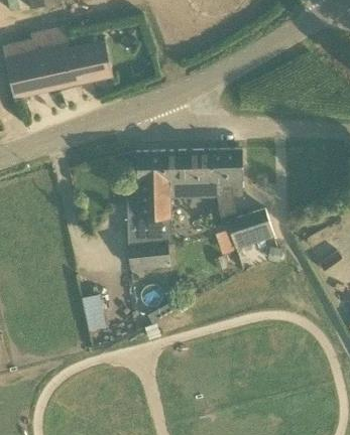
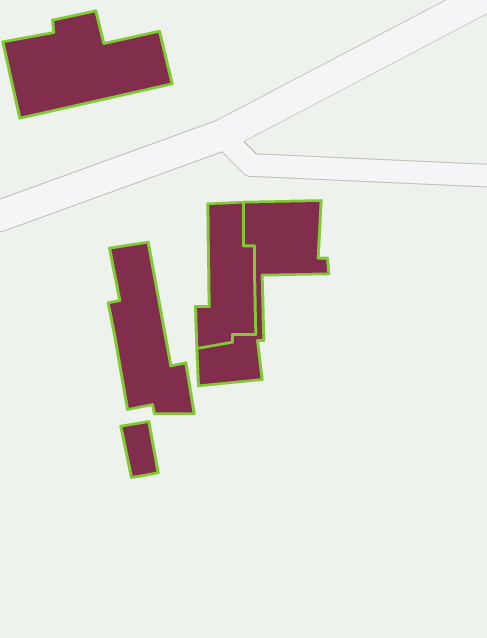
building: [209,150,276,252] -> none
building: none -> [108,242,194,414]

